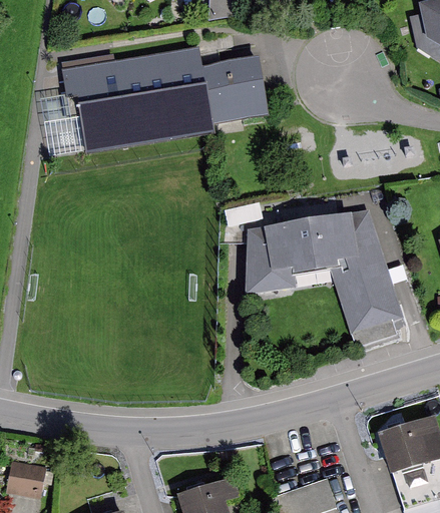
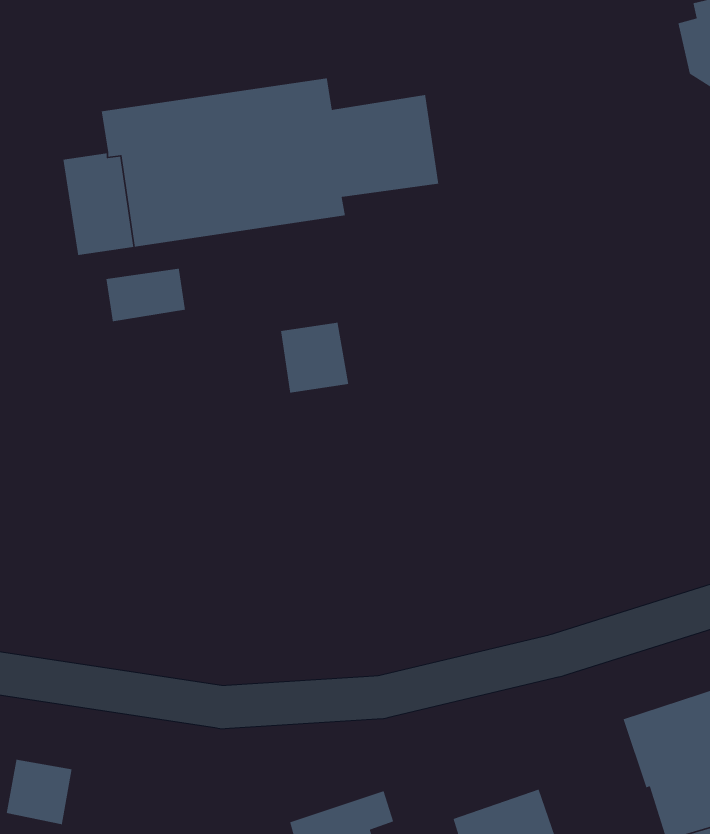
building: none -> [106,268,186,322]
building: none -> [280,322,349,394]
building: [245,208,403,347] -> none

